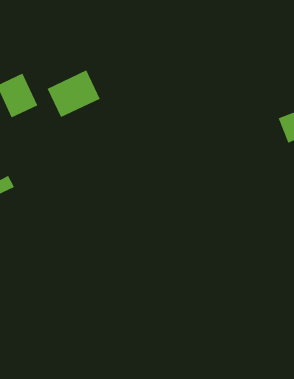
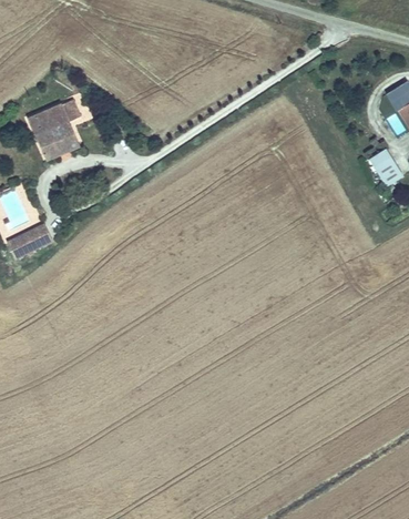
building: [47,70,100,118] -> none

